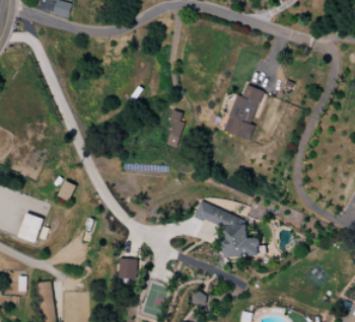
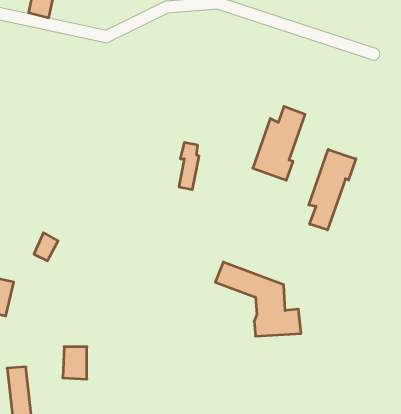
building: none -> [309,149,356,230]
building: [118,258,136,283] -> [63,347,87,379]

